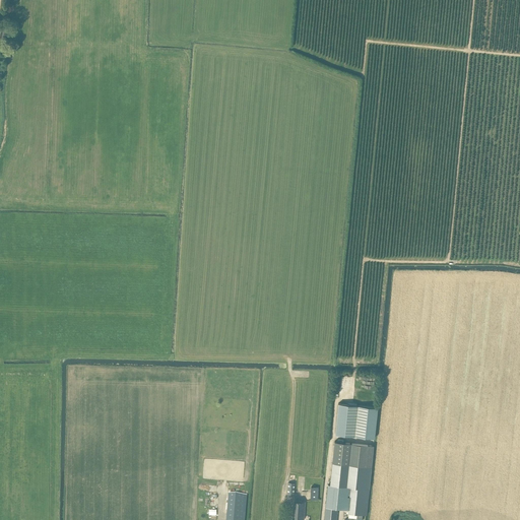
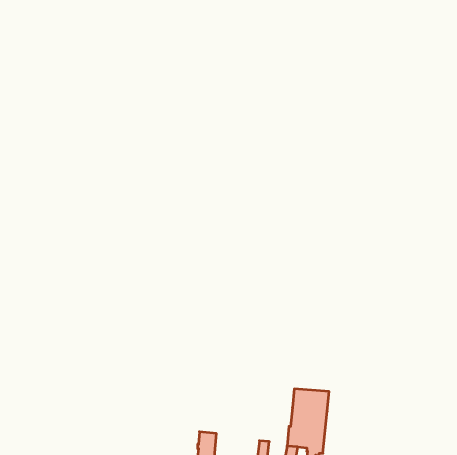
building: [335,405,378,440] -> none

